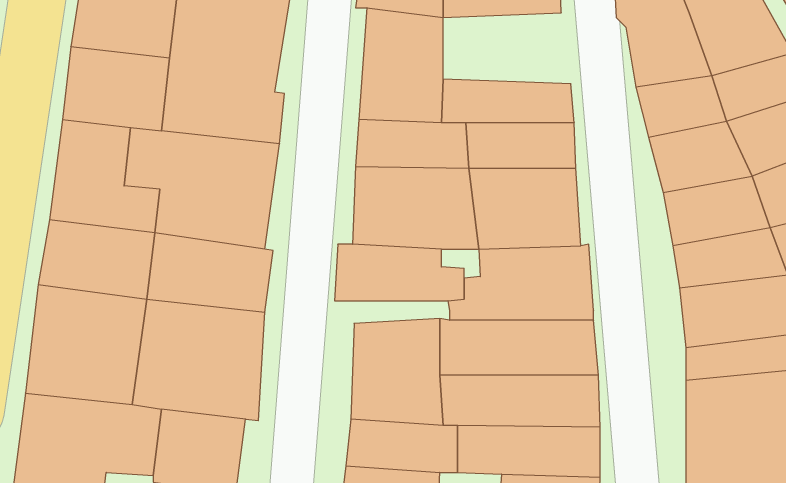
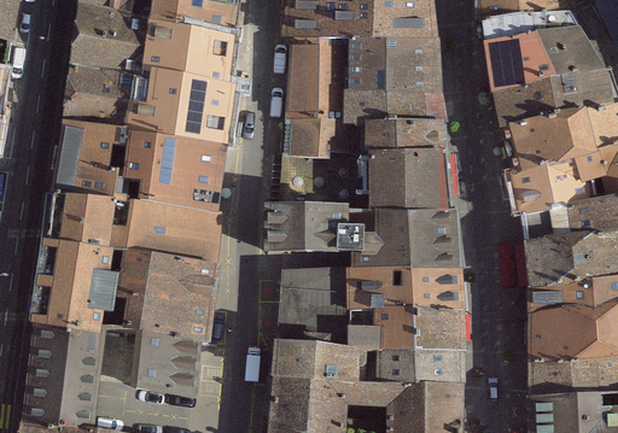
building: none -> [348,39,443,92]

